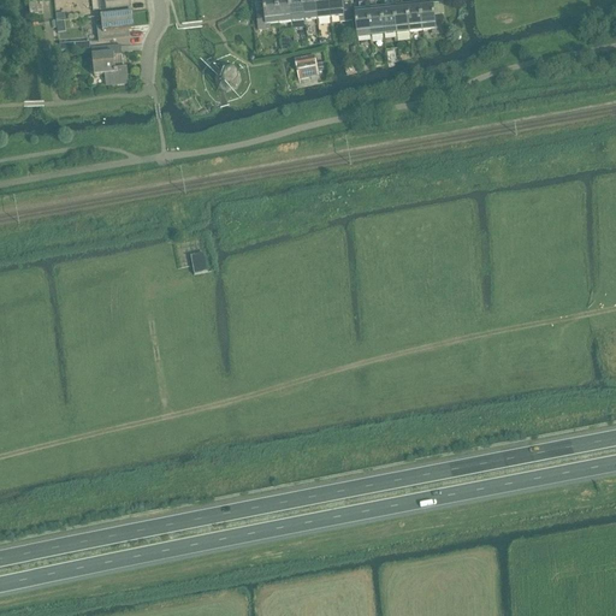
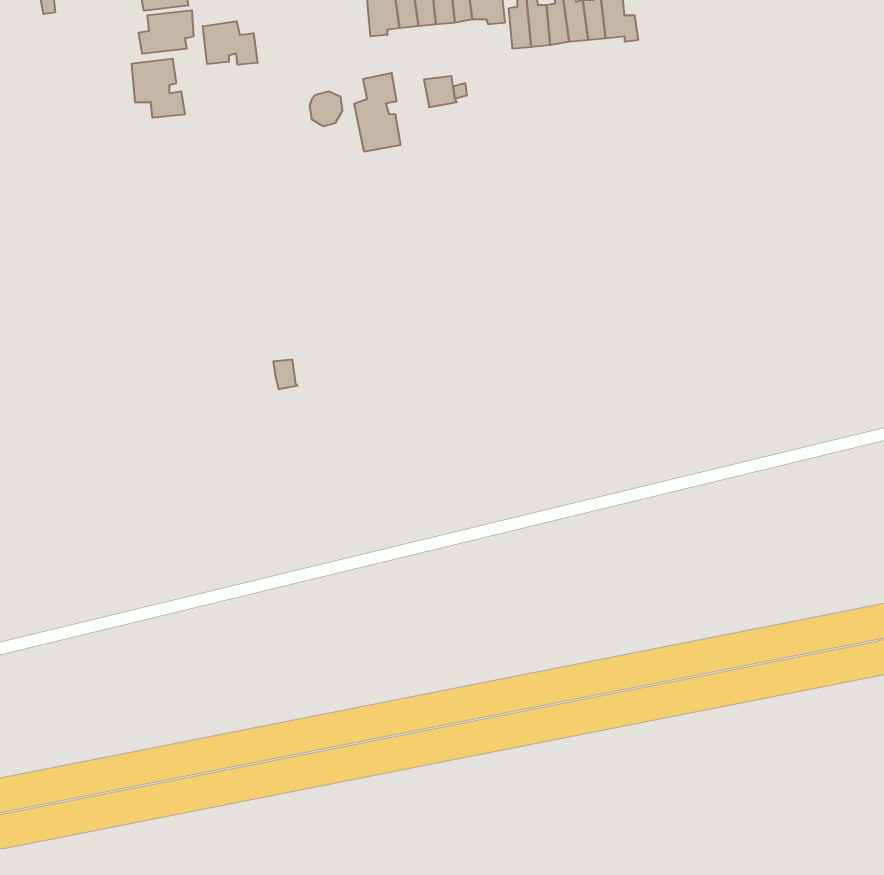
building: none -> [203,21,258,65]
building: none -> [354,73,400,152]

